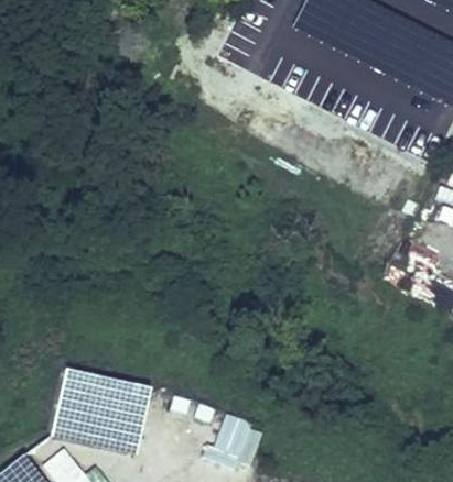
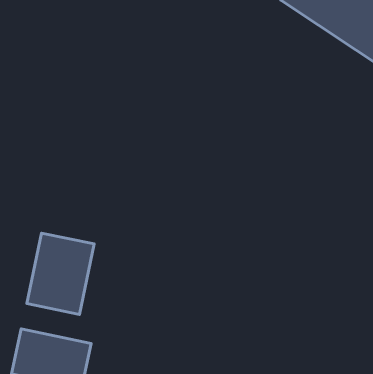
building: none -> [27,233,94,314]

